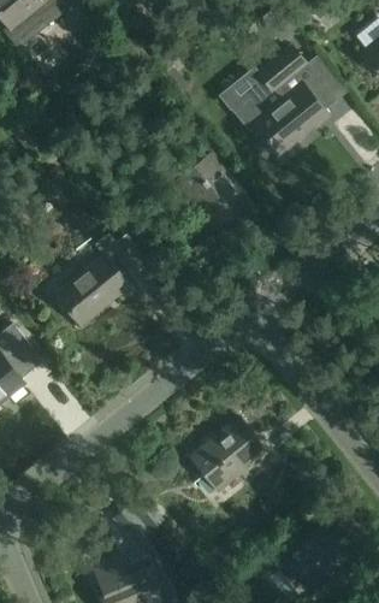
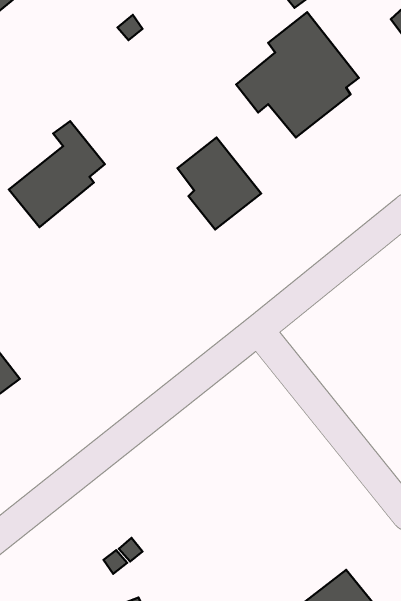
building: [54,235,137,326] -> [9,121,105,227]
building: [189,419,268,491] -> none

